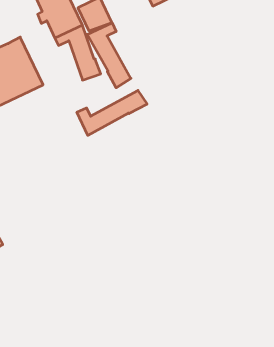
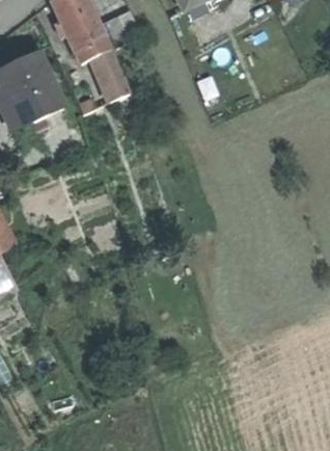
building: [87,23,131,88] -> none
building: [77,90,147,135] -> none

